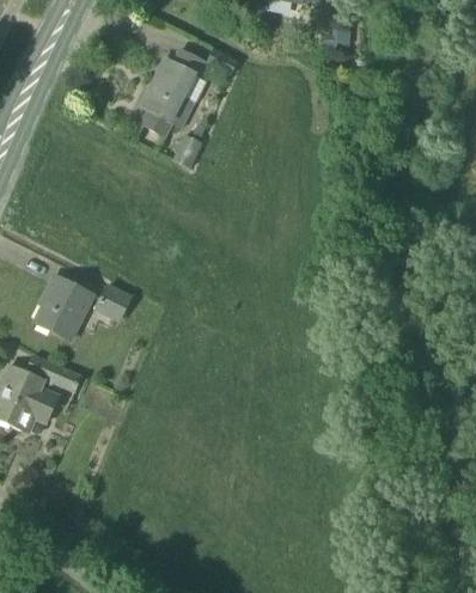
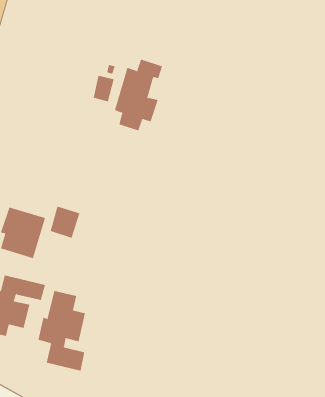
building: [139,50,206,136] -> [114,59,163,131]
building: none -> [38,290,86,372]

